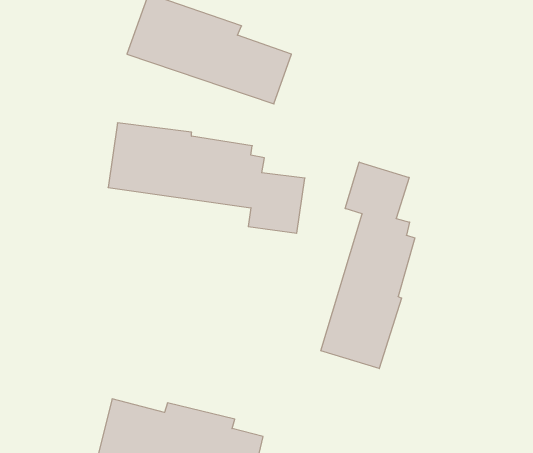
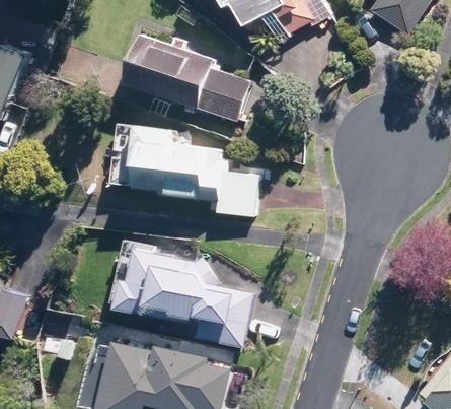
building: [321,162,415,369] -> none
building: none -> [111,249,252,346]

